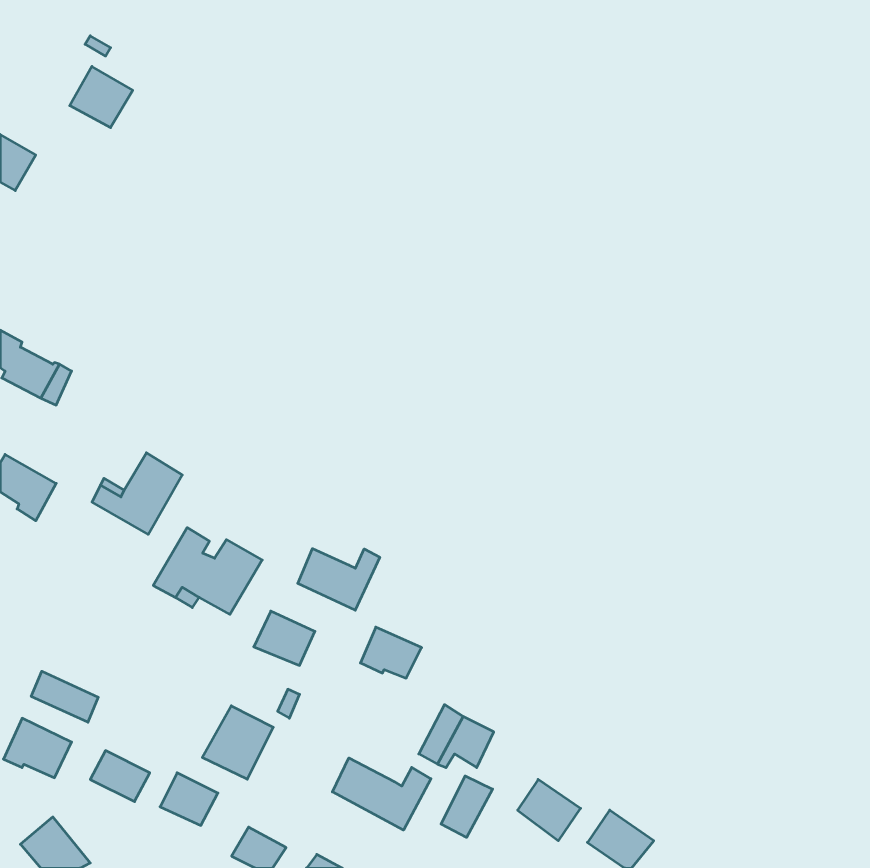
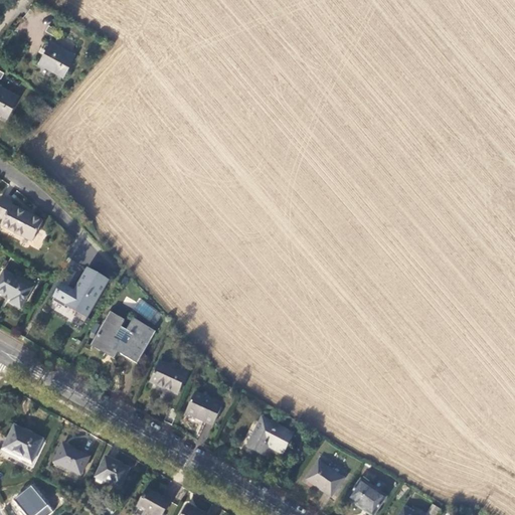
building: [298,549,380,610] -> none
building: [360,627,422,678] -> [186,392,222,422]
building: [31,671,98,722] -> none
building: [202,706,273,779] -> none
building: [332,758,431,830] -> none
building: [441,776,493,837] -> none

